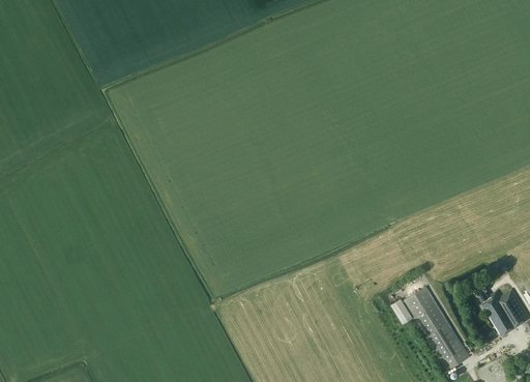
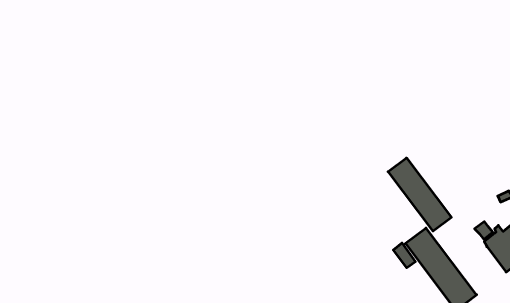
building: none -> [388,158,451,231]

